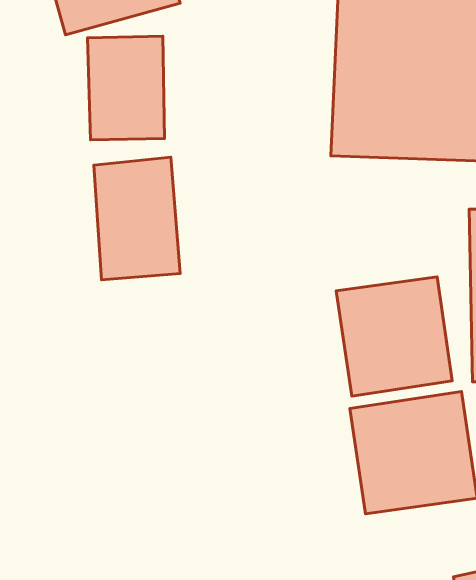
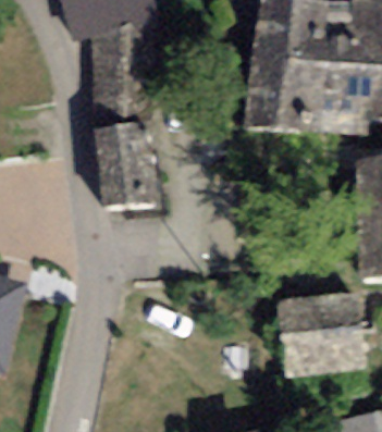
building: [336,277,452,396] -> none

